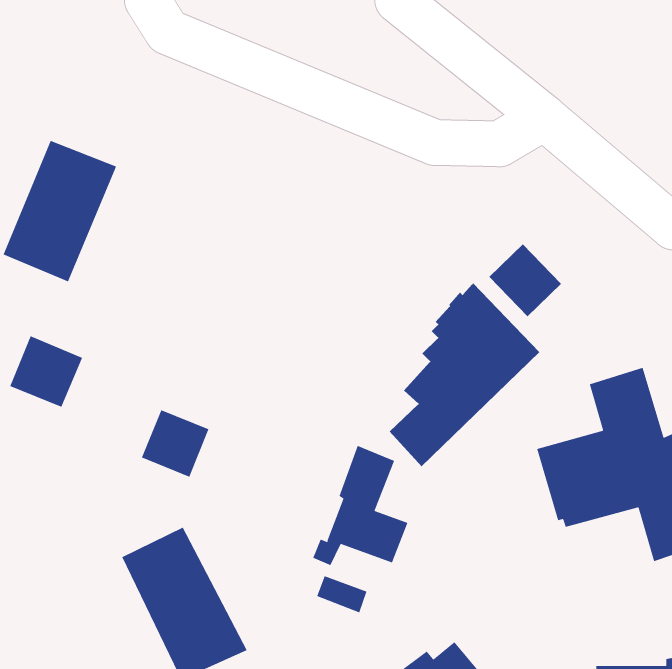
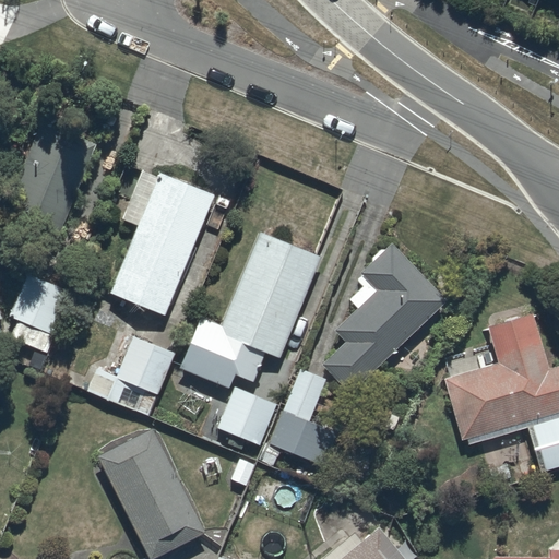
building: none -> [110,175,214,319]
building: [488,243,562,317] -> none
building: none -> [180,230,321,388]
building: none -> [217,390,275,448]

